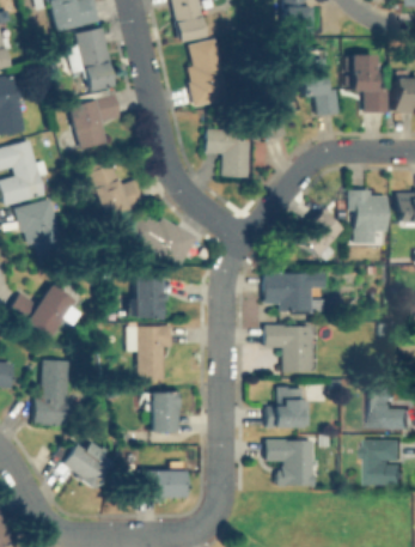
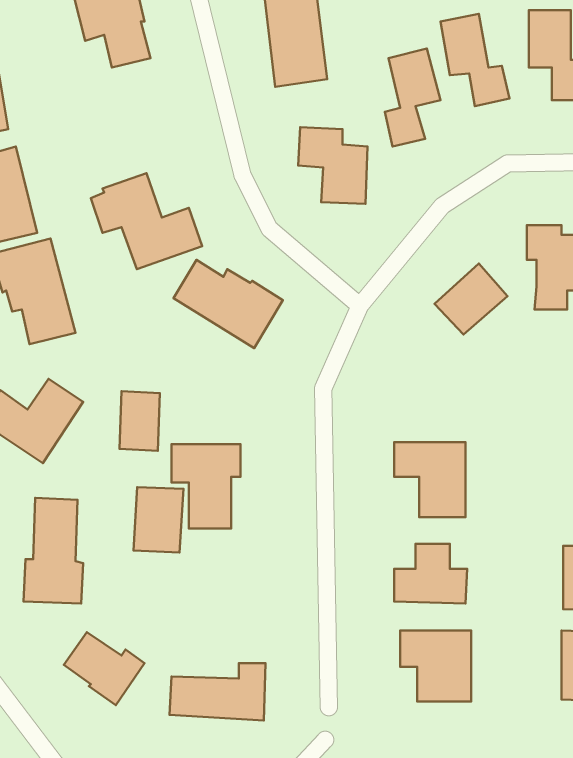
building: [69,95,120,148] -> none
building: [264,273,324,310] -> none
building: [135,284,160,321] -> [119,391,160,451]
building: [147,393,178,433] -> [133,487,183,552]

